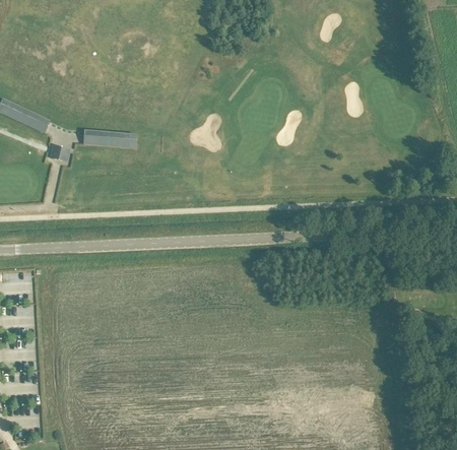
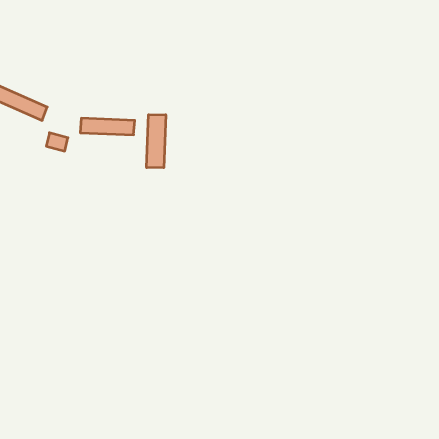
building: none -> [147,115,166,168]

